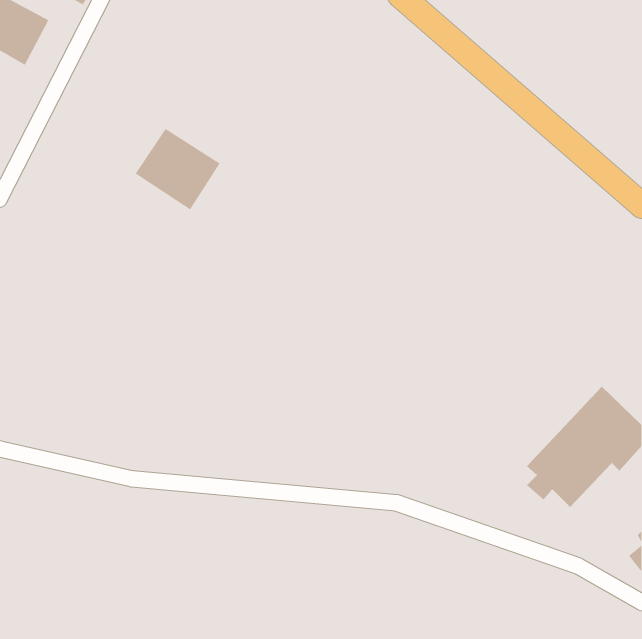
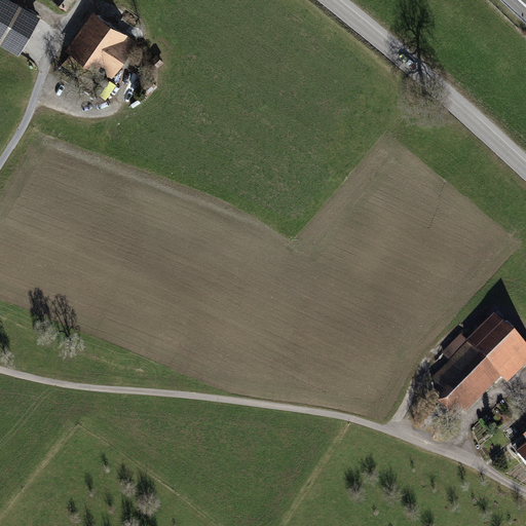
building: [135,128,221,210] -> [66,10,136,77]

